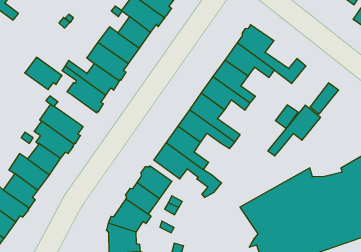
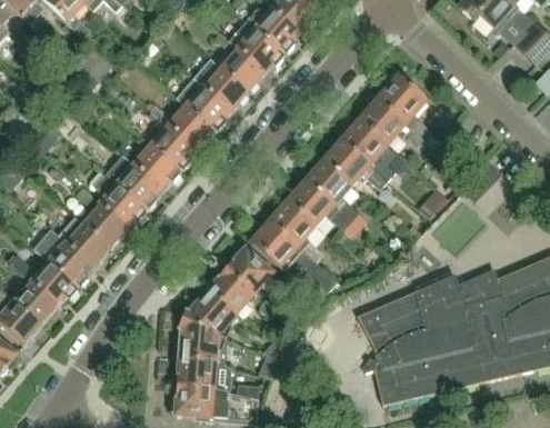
building: [25,57,62,90] -> [132,143,181,188]
building: [268,105,320,156] -> none

